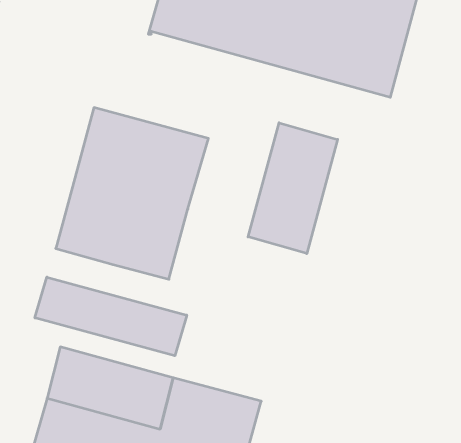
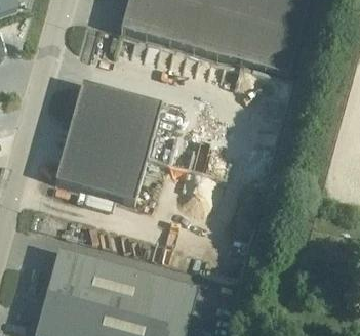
building: [248,123,338,254] -> none
building: [35,277,187,356] -> none

